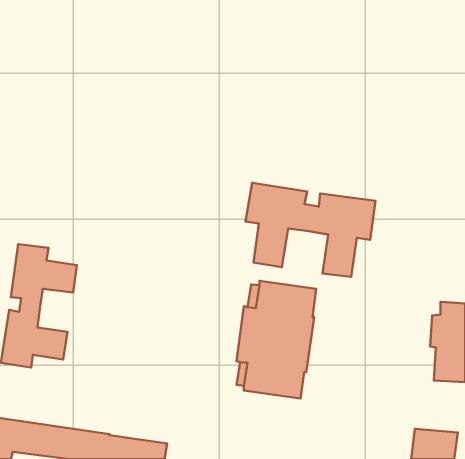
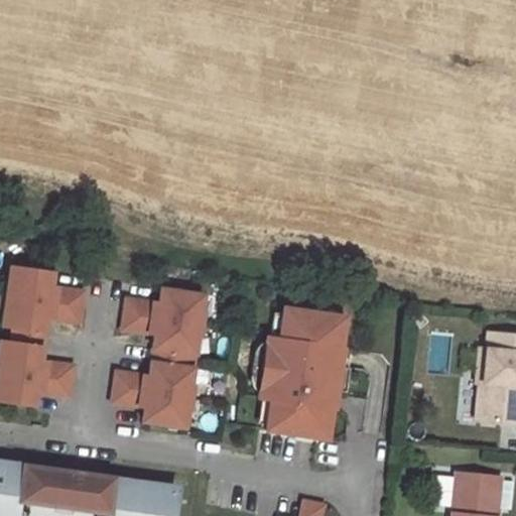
building: [246,183,376,277] -> none
building: none -> [113,290,206,427]

